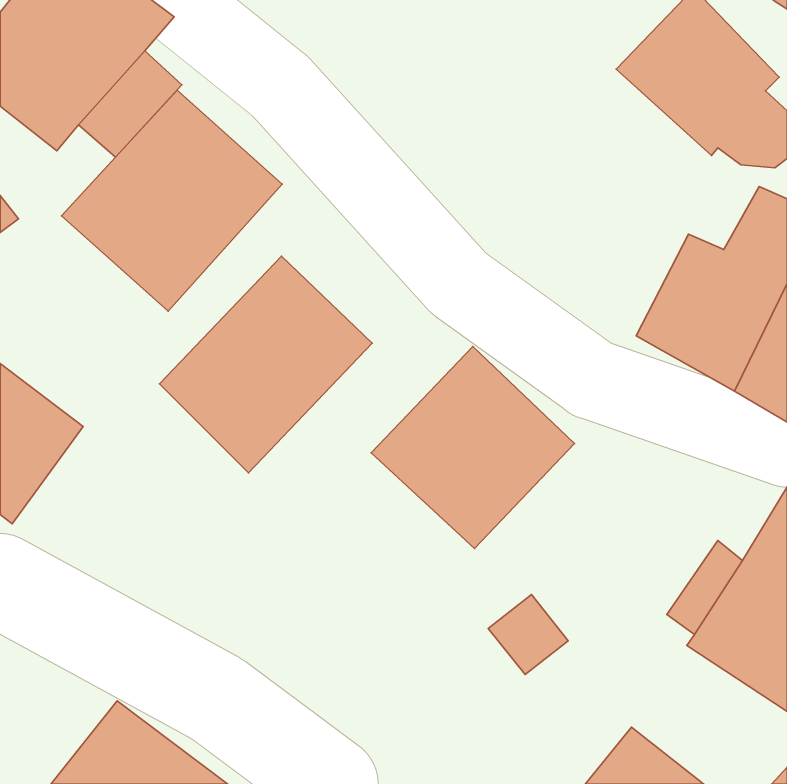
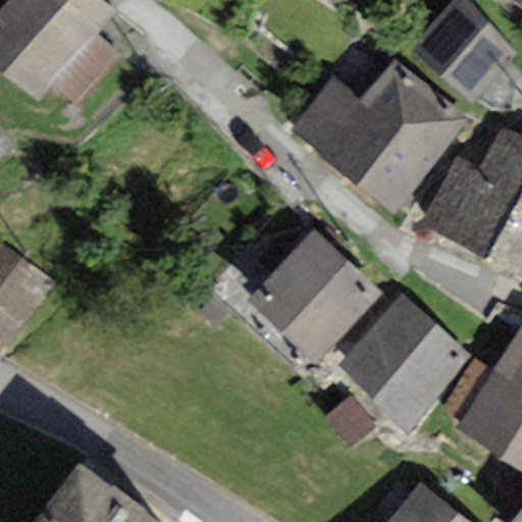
building: [61,90,282,311] -> none
building: none -> [292,60,466,211]
building: [160,256,372,473] -> none
building: none -> [337,293,471,434]

